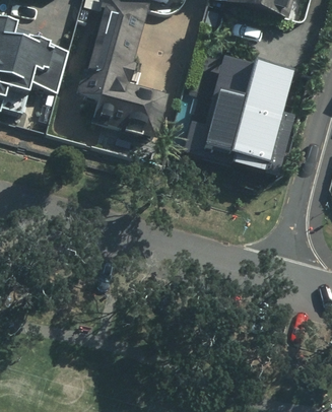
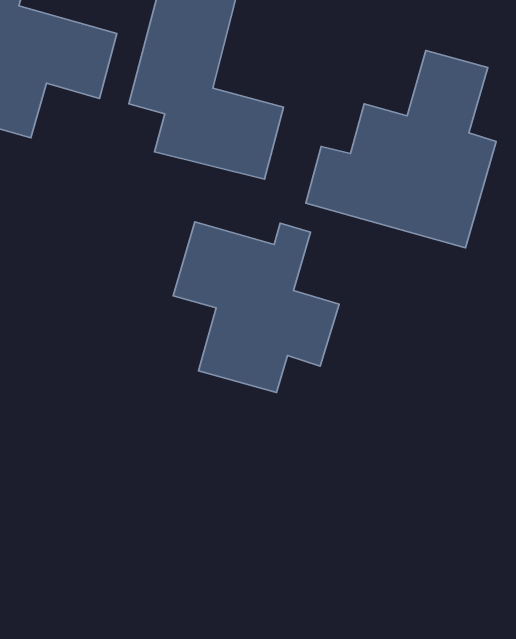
building: none -> [173,222,339,392]

